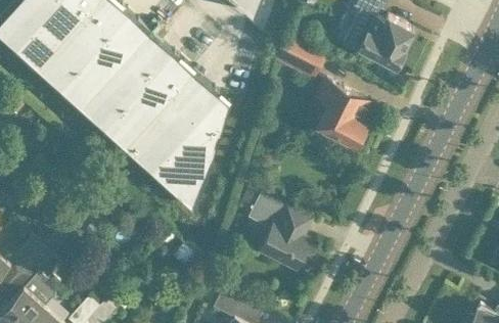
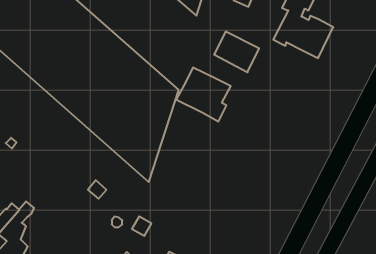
building: [305,85,368,147] -> [176,68,231,122]
building: [245,196,311,273] -> none

